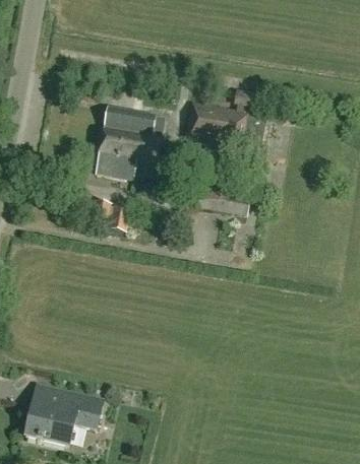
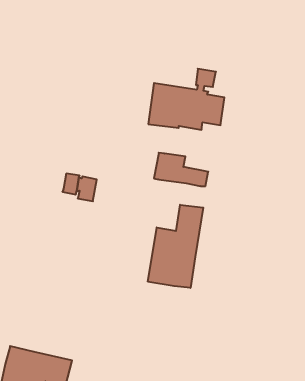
building: [96,107,165,178] -> none
building: none -> [148,205,203,288]

